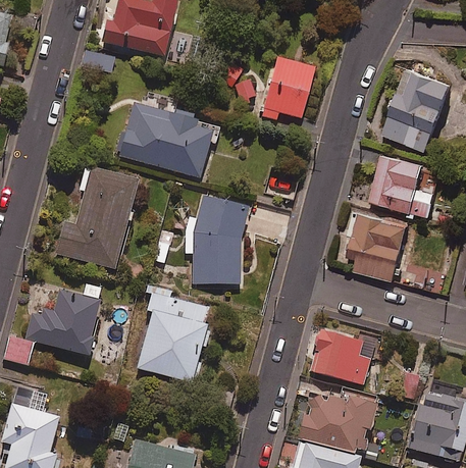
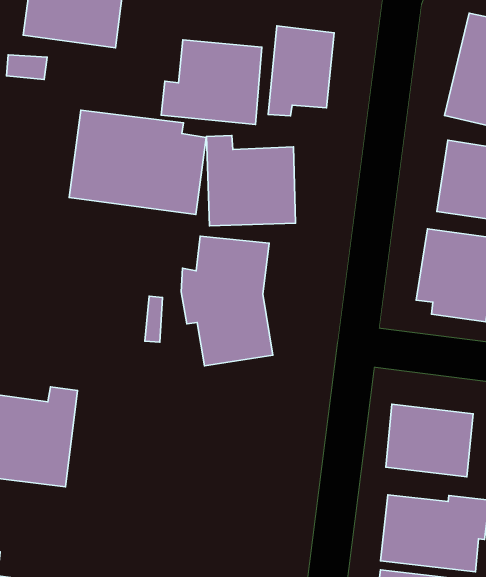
building: none -> [161,40,262,124]
building: none -> [207,135,295,226]
building: [65,167,138,268] -> none
building: [137,294,211,382] -> none

